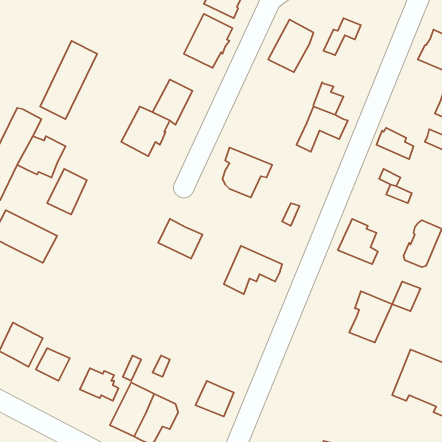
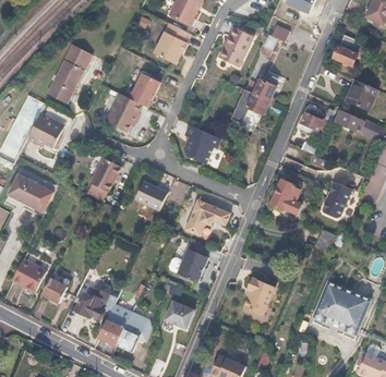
building: [47,169,87,214] -> [88,156,119,191]
building: [349,291,392,343] -> [242,276,275,315]
building: none -> [168,241,208,282]

